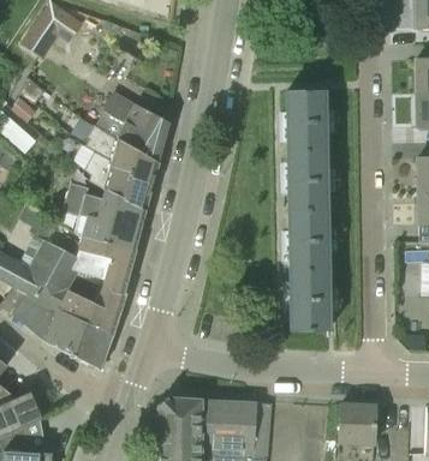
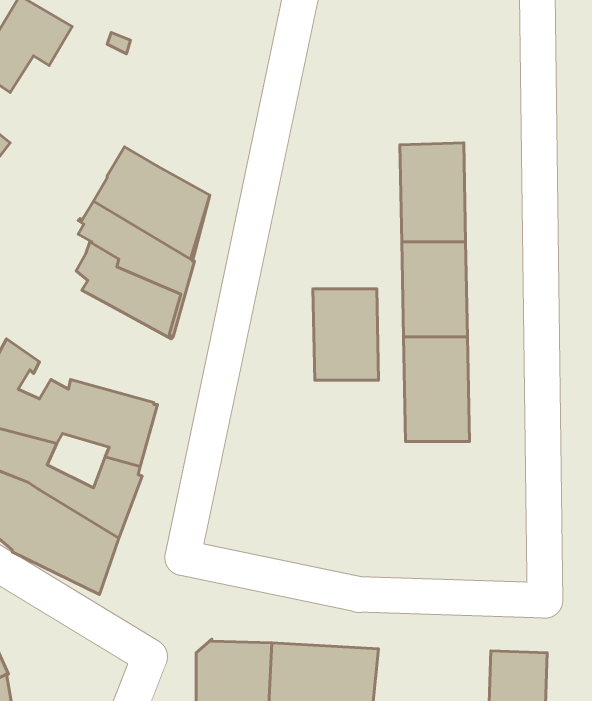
building: [62,184,143,251] -> none
building: [288,275,329,331] -> [313,289,379,380]

